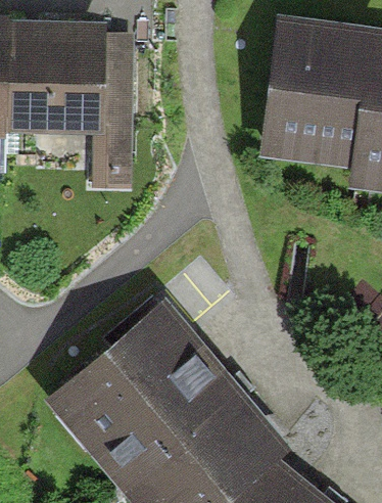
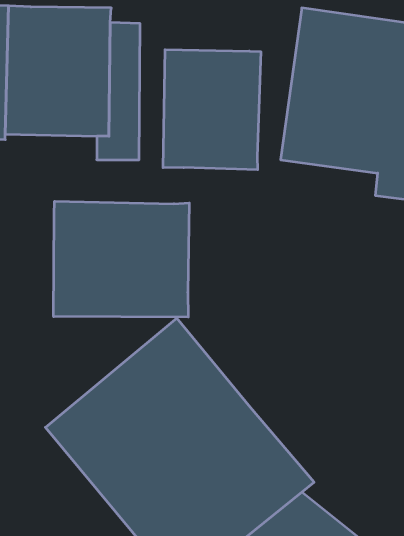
building: none -> [163,50,261,170]
building: none -> [54,201,189,317]

